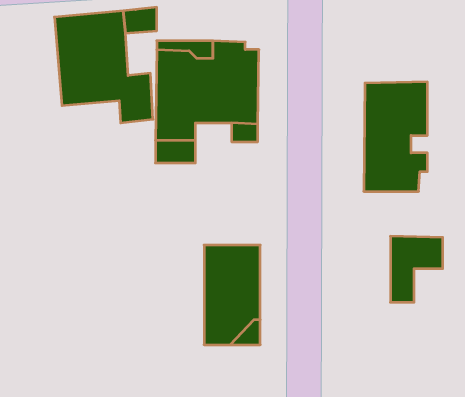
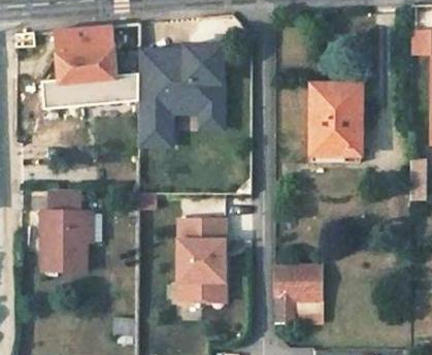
building: none -> [40,191,102,268]
building: [390,236,443,302] -> [274,272,318,327]

